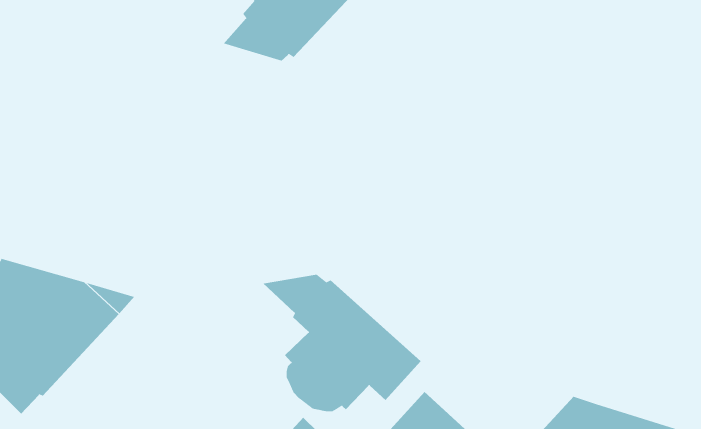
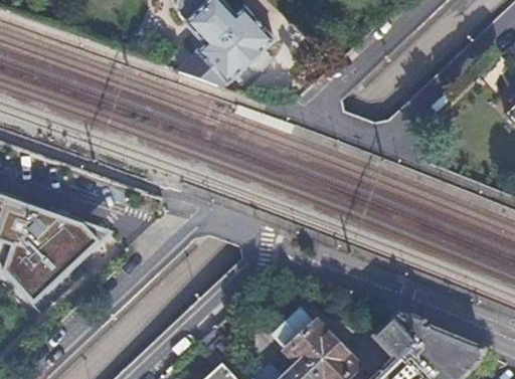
building: [262,274,422,412] -> none

